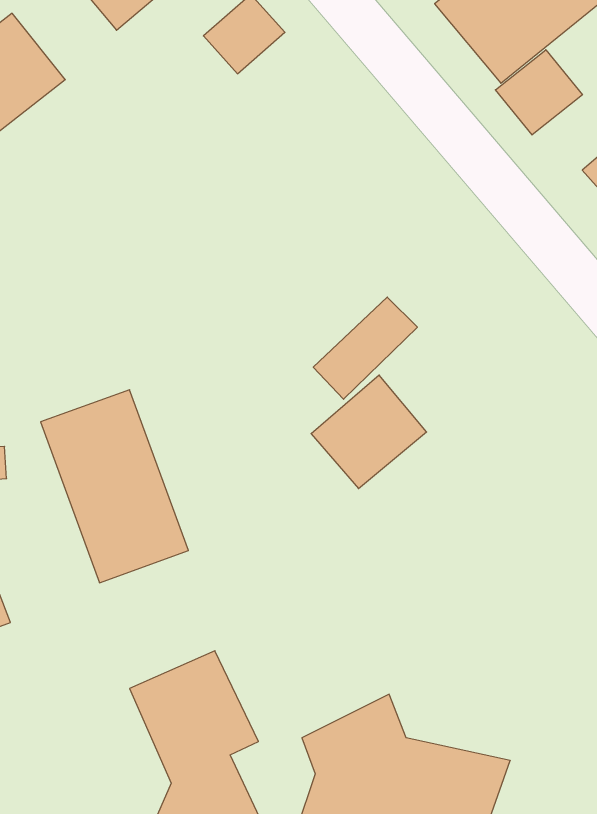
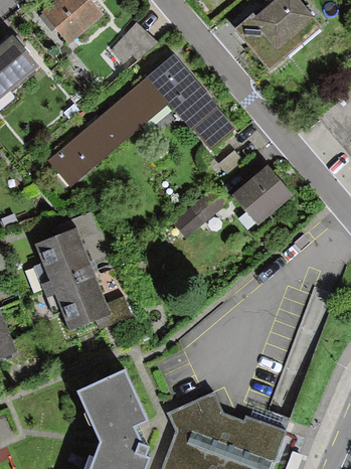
building: [495,50,582,135] -> none
building: none -> [48,54,235,186]
building: [311,375,427,489] -> [232,163,294,223]

